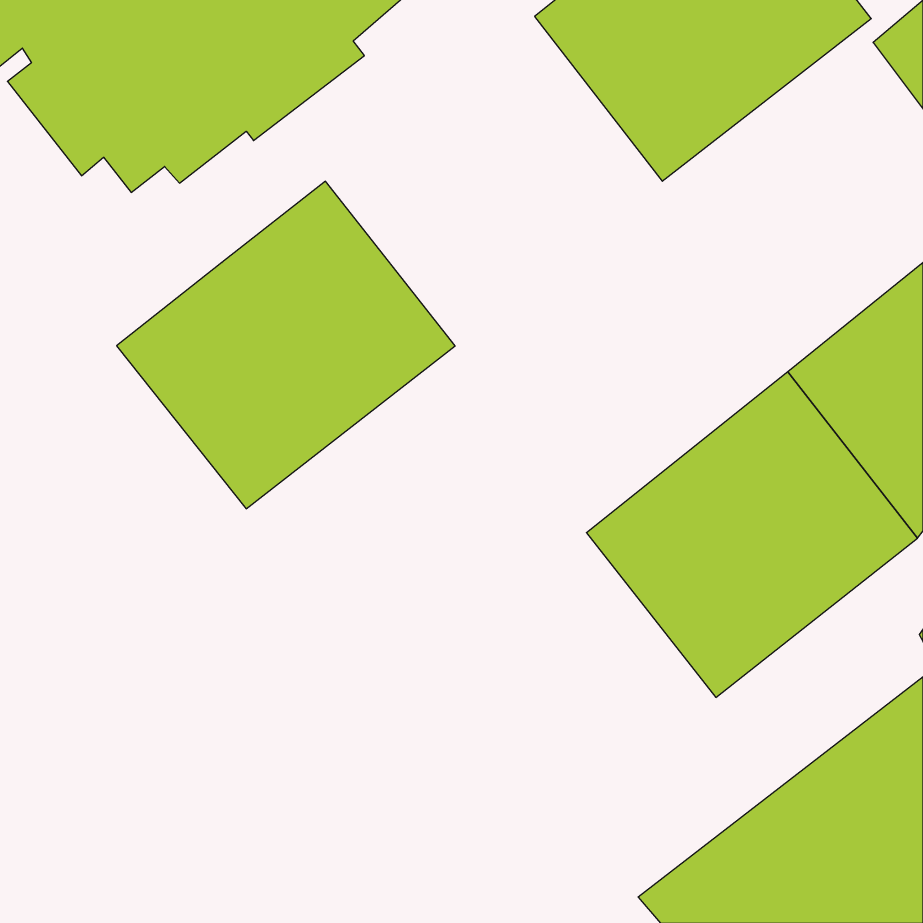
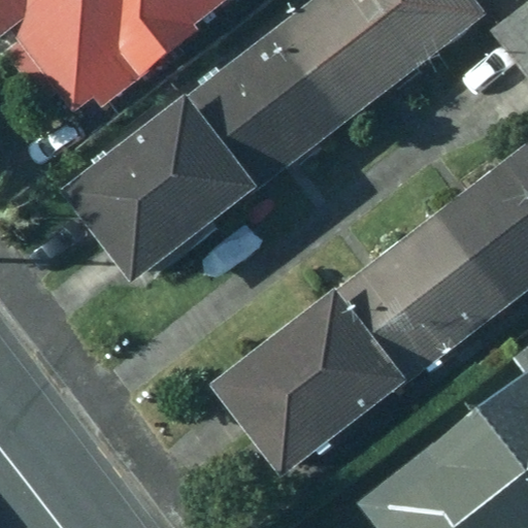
building: none -> [182,9,369,193]
building: none -> [213,297,399,477]

